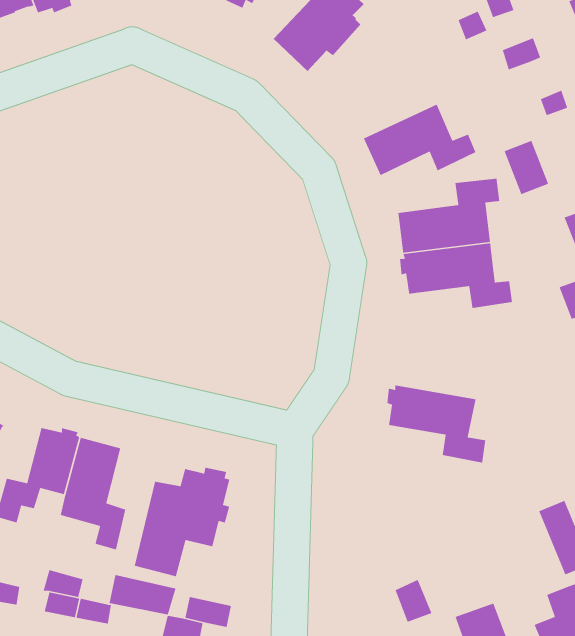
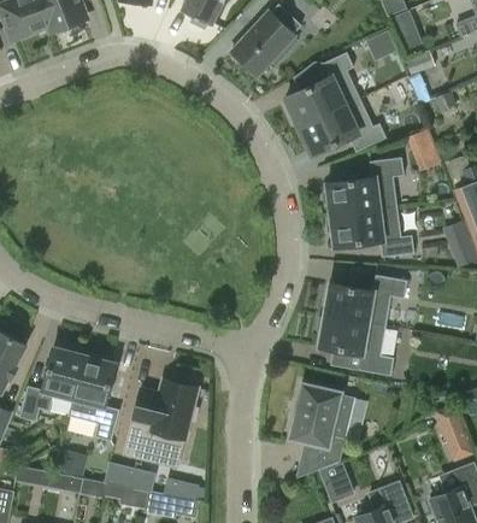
building: none -> [283,53,355,128]
building: none -> [323,276,406,327]
building: none -> [289,384,355,478]

